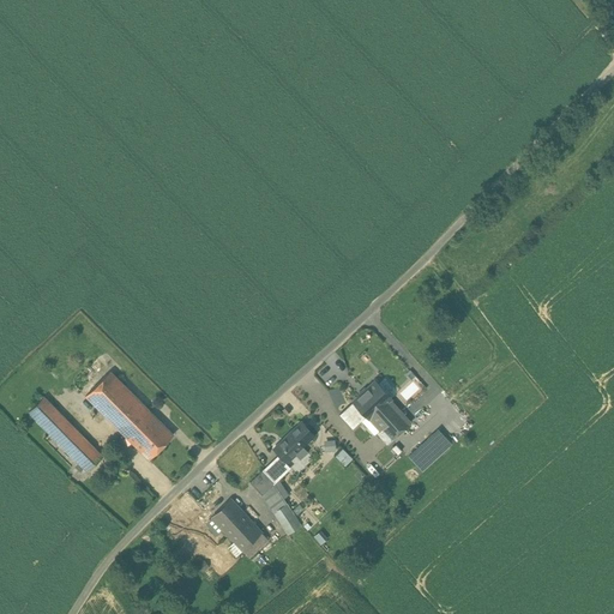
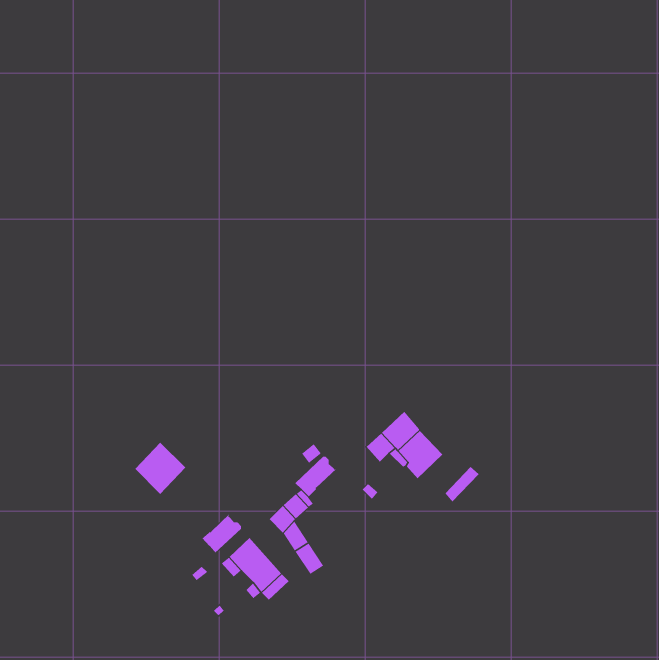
building: [86,371,150,435] -> none
building: [30,397,103,471] -> none
building: none -> [202,513,242,554]

